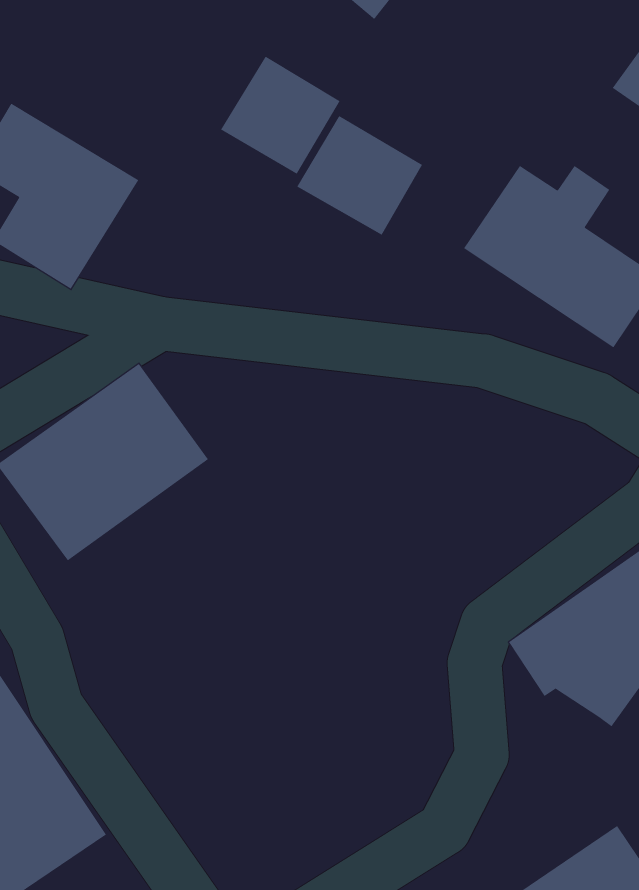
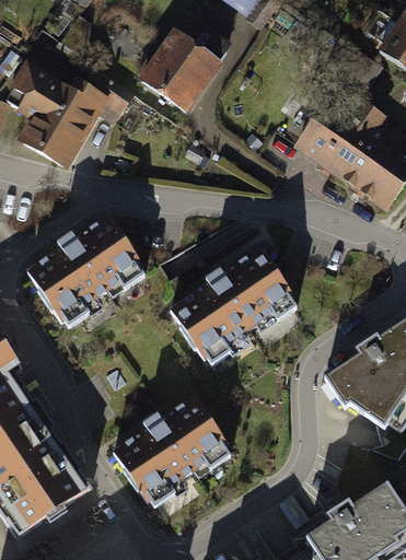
building: [297,115,423,236] -> none
building: none -> [163,244,294,360]
building: none -> [113,394,230,504]

